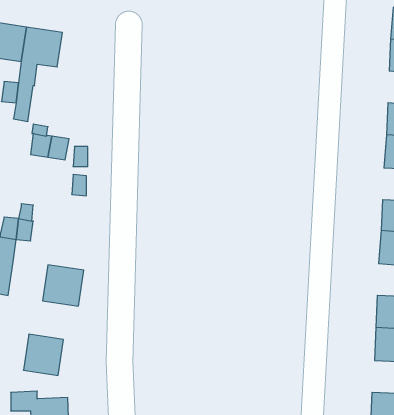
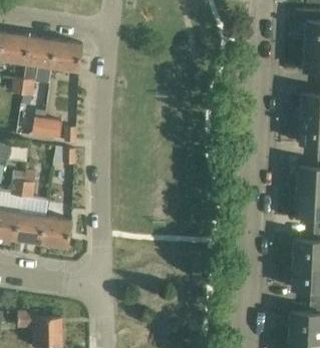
building: none -> [53,41,83,71]
building: [23,334,63,375] -> [16,213,46,244]

